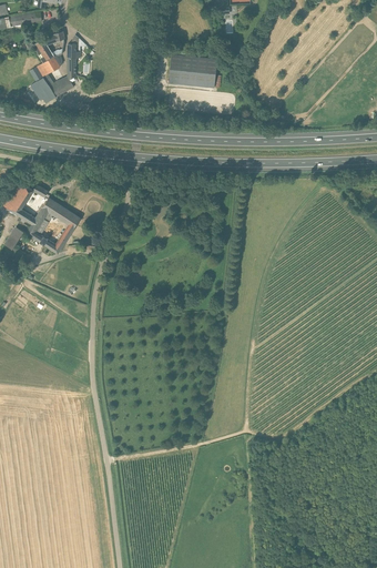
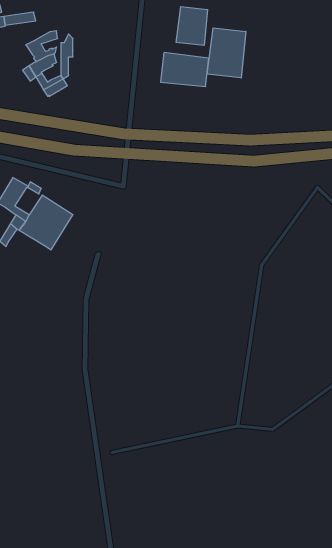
building: none -> [176,7,208,45]
building: none -> [207,28,246,78]

